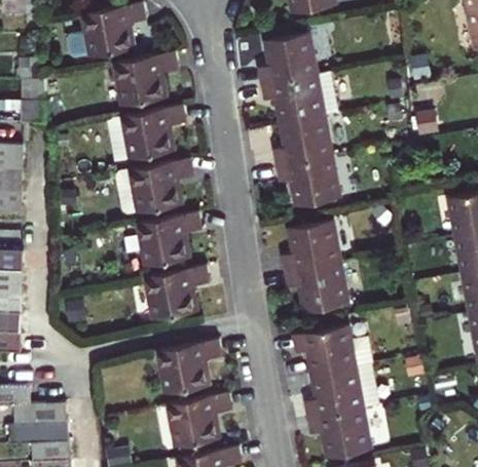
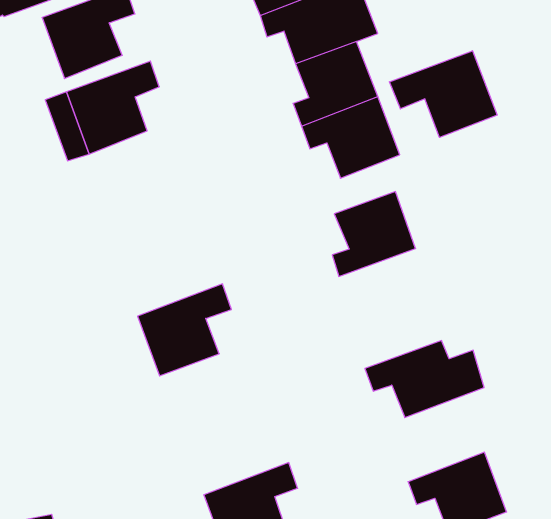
building: none -> [389,51,497,137]
building: [114,159,194,215] -> none
building: [136,211,200,267] -> none
building: [286,263,350,313] -> none
building: [159,340,223,396] -> none
building: [306,365,379,421] -> none

